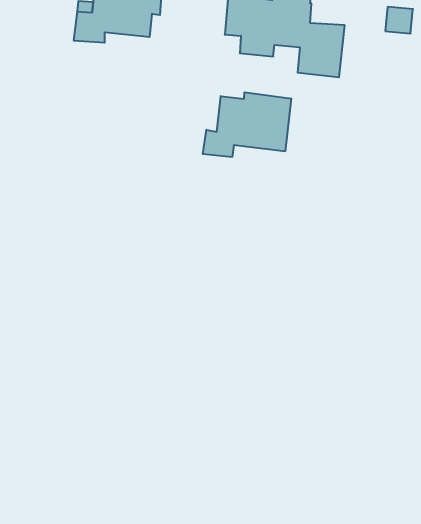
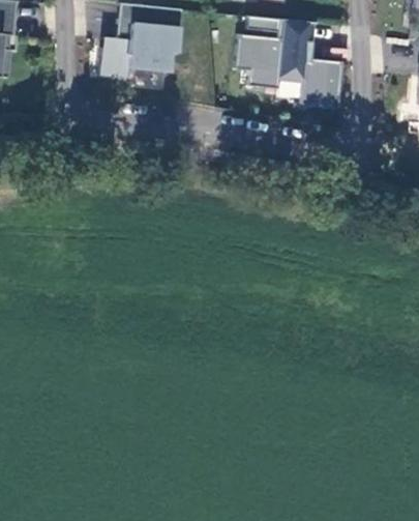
building: [203,92,291,157] -> none

